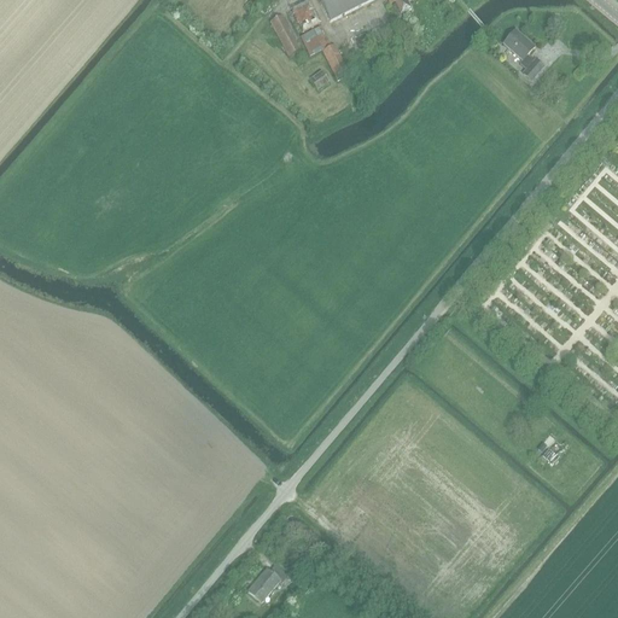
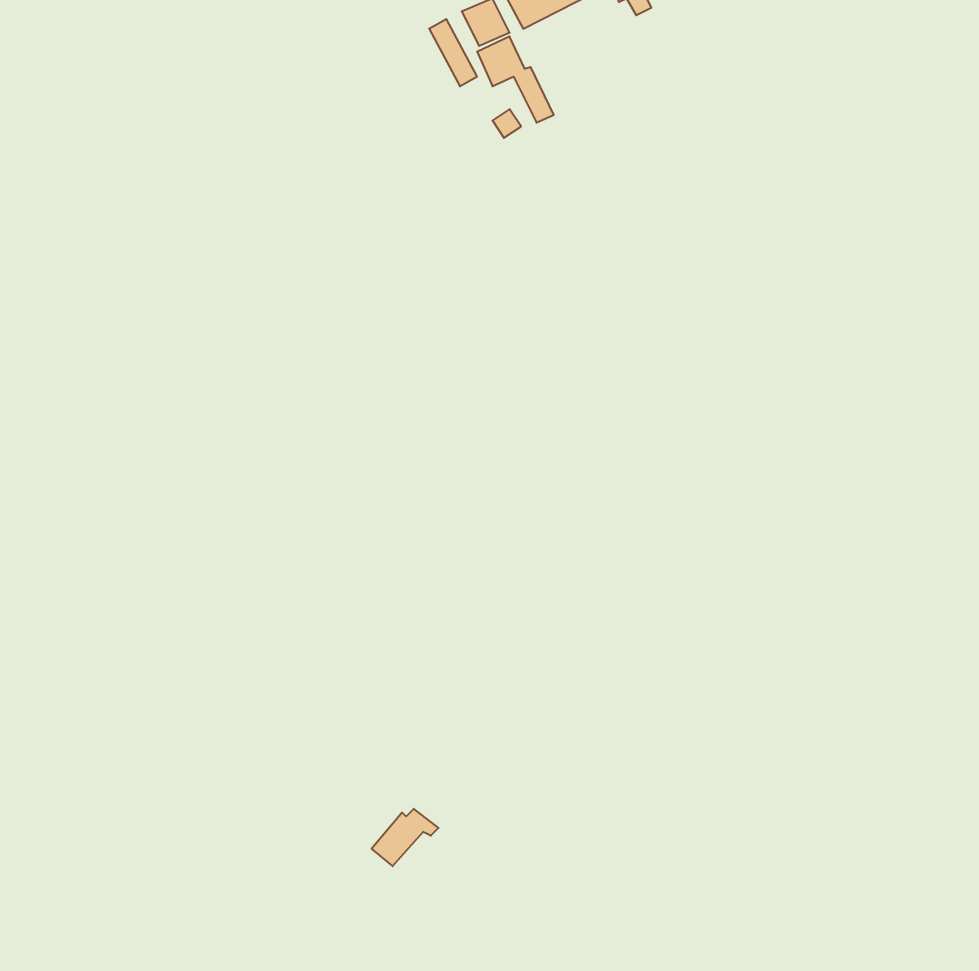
building: [503,27,543,78] -> none
building: [247,564,290,600] -> [372,809,439,866]

